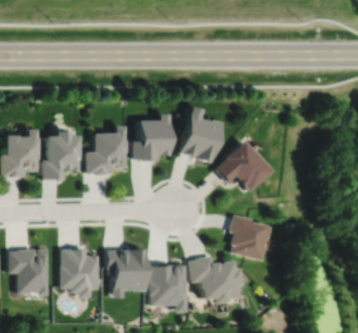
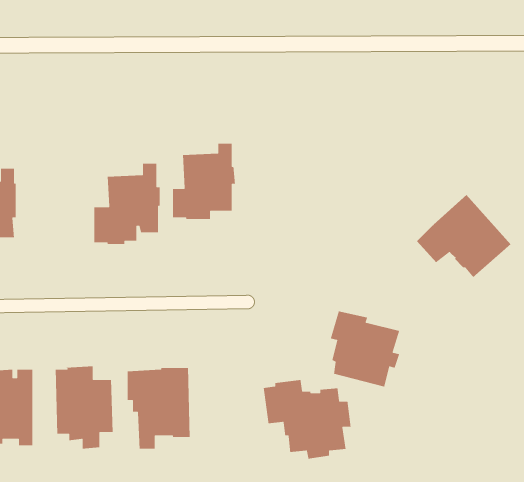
building: [180,106,222,161] -> none
building: [44,130,80,179] -> none
building: [215,140,272,191] -> [416,194,512,278]
building: [150,264,186,313] -> none

